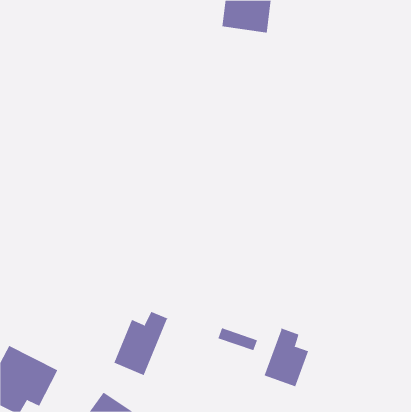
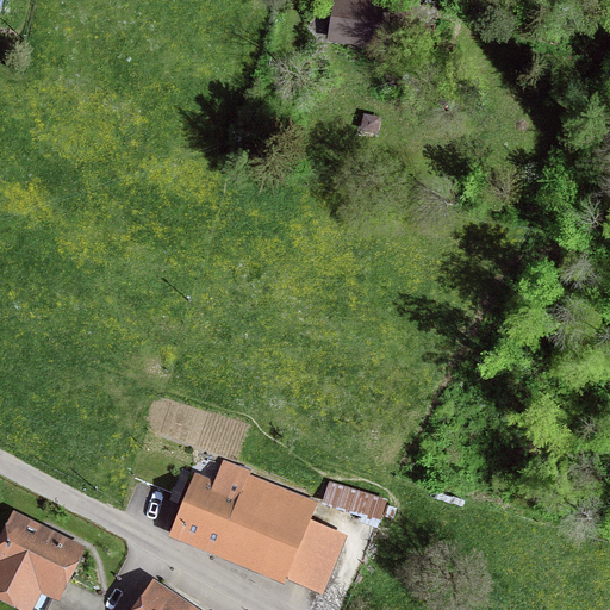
building: none -> [213,474,346,593]
building: [264,328,309,387] -> none

